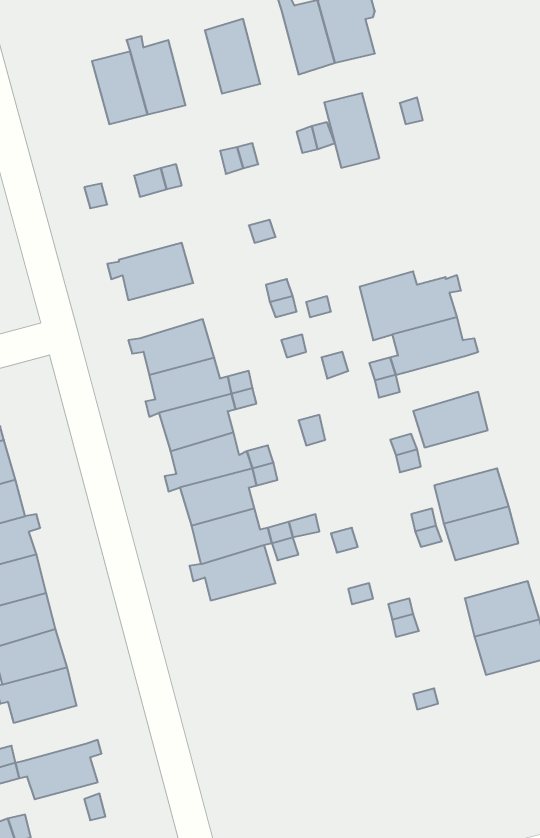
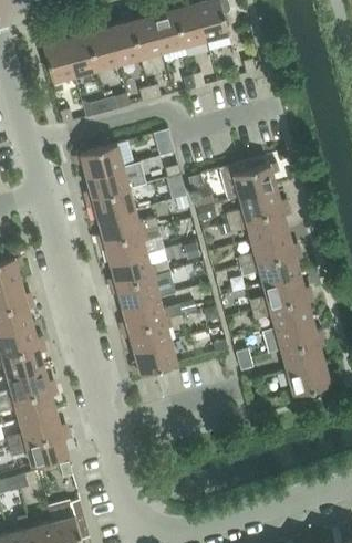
building: none -> [108,21,139,64]
building: none -> [41,39,74,82]
building: [324,93,379,168] -> [152,9,184,52]
building: none -> [85,167,128,199]
building: none -> [245,207,290,241]
building: none -> [257,252,299,284]
building: none -> [275,317,317,349]
building: none -> [133,341,176,374]
building: none -> [19,411,61,443]

